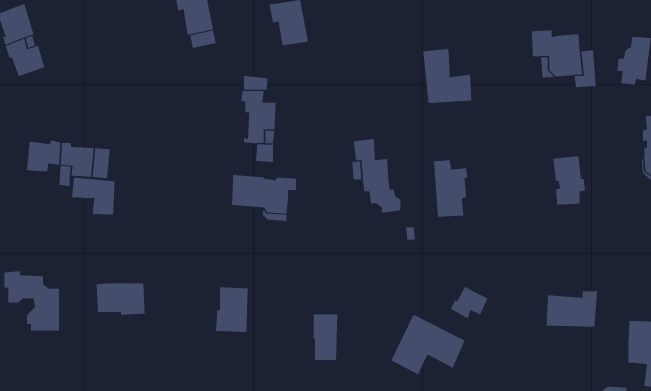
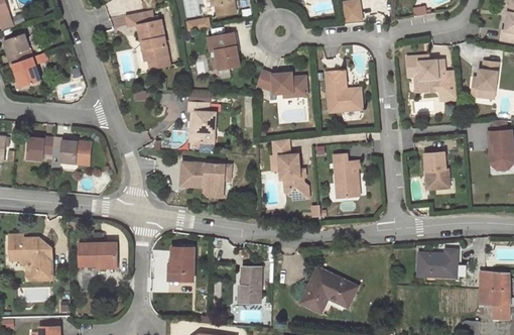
building: none -> [257,68,306,94]
building: [71,177,115,215] -> none
building: [450,286,488,319] -> none

